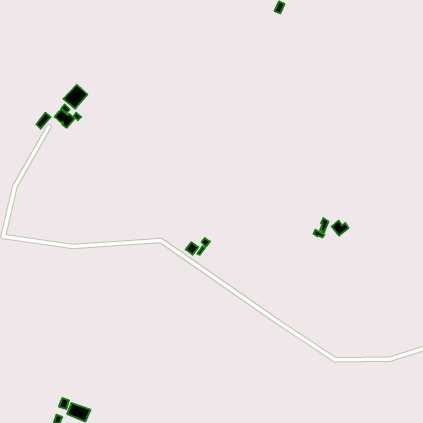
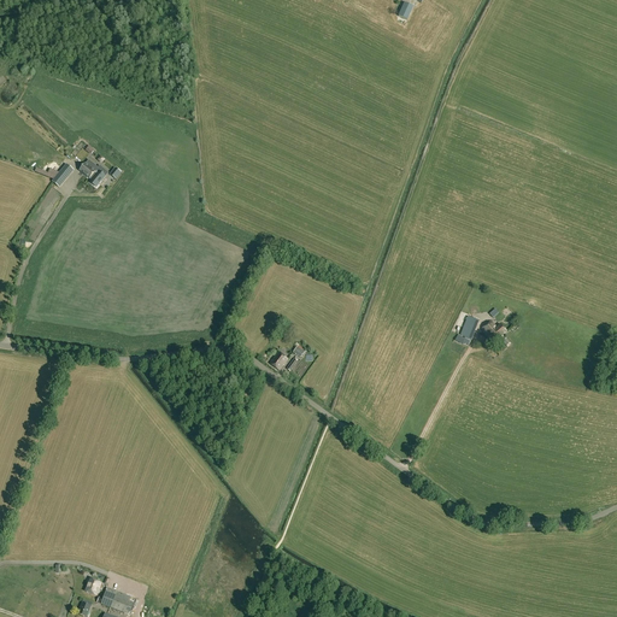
building: [63,85,87,109] -> none

